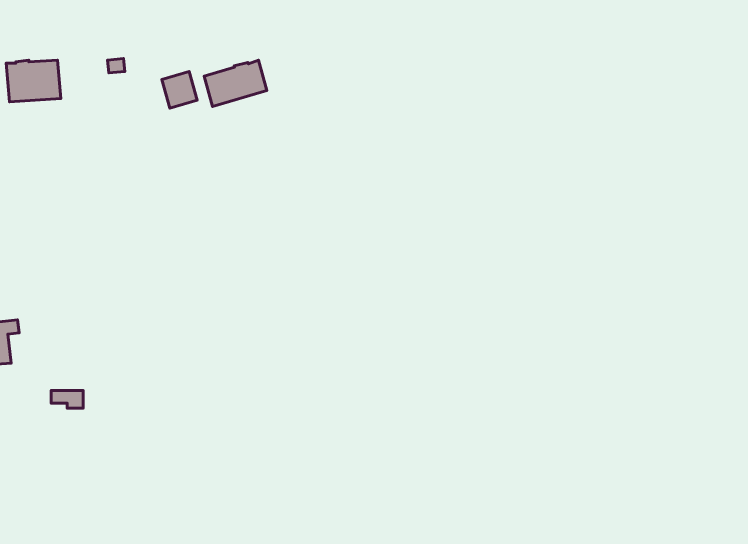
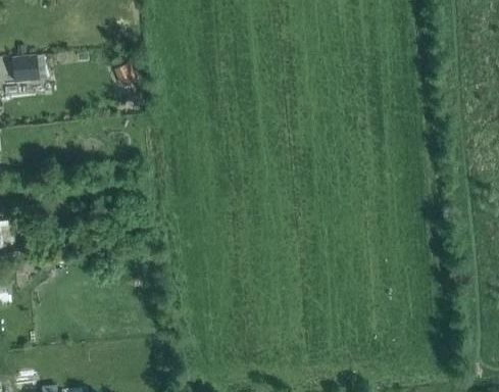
building: [204,60,267,107] -> none

